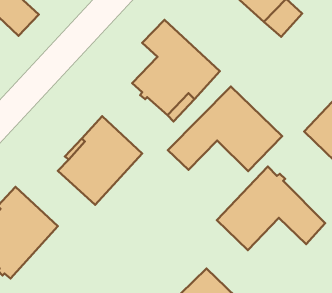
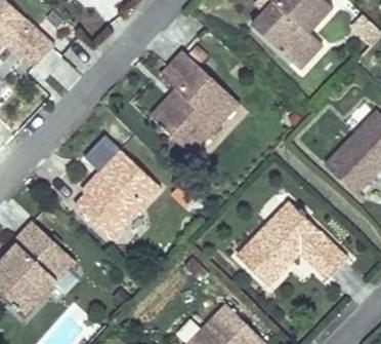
building: [168,86,282,171] -> none

